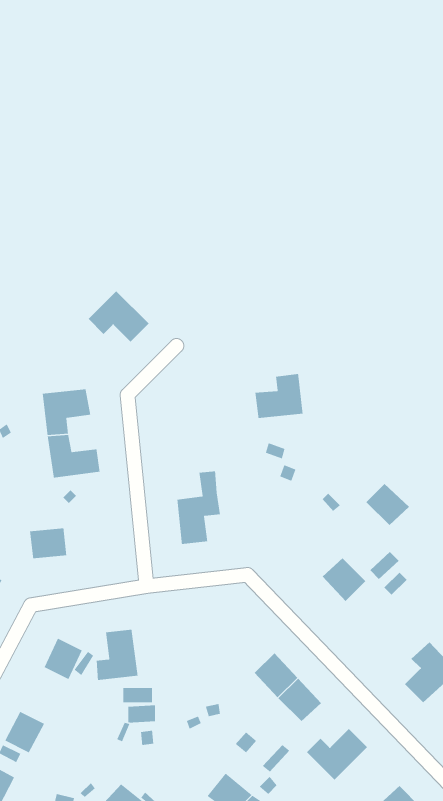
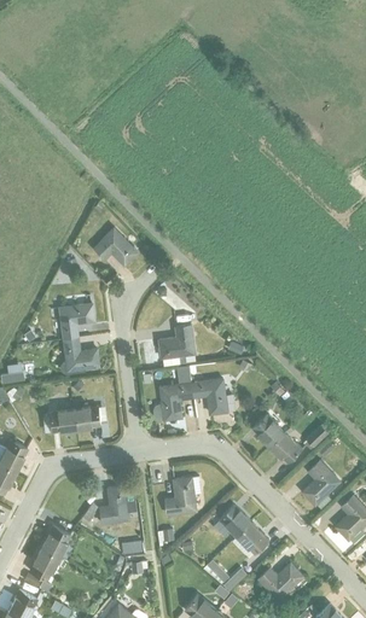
building: [255,373,304,419] -> [157,322,194,357]
building: [366,483,410,526] -> [251,412,285,444]
building: none -> [190,377,227,414]
building: none -> [72,403,100,428]
building: none -> [300,460,341,507]
building: none -> [163,476,196,515]
building: [43,638,83,680] -> [39,524,69,556]

